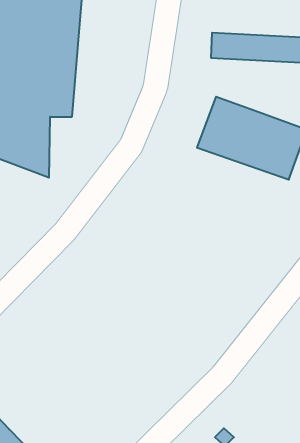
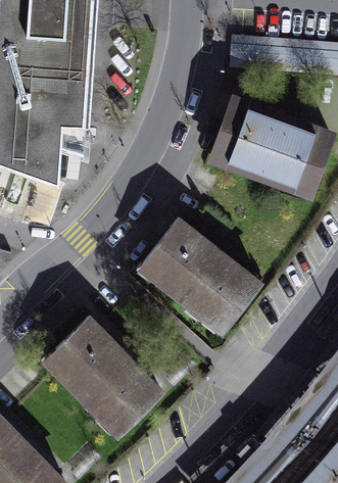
building: none -> [141,225,257,332]
building: none -> [49,324,158,433]

